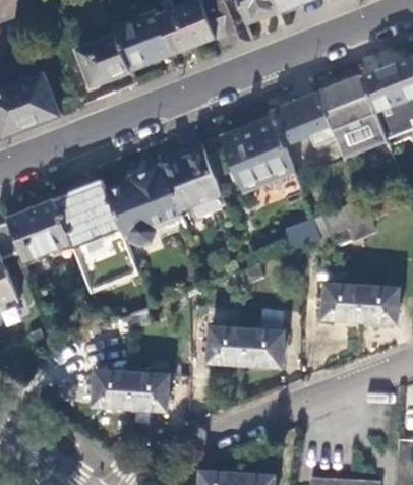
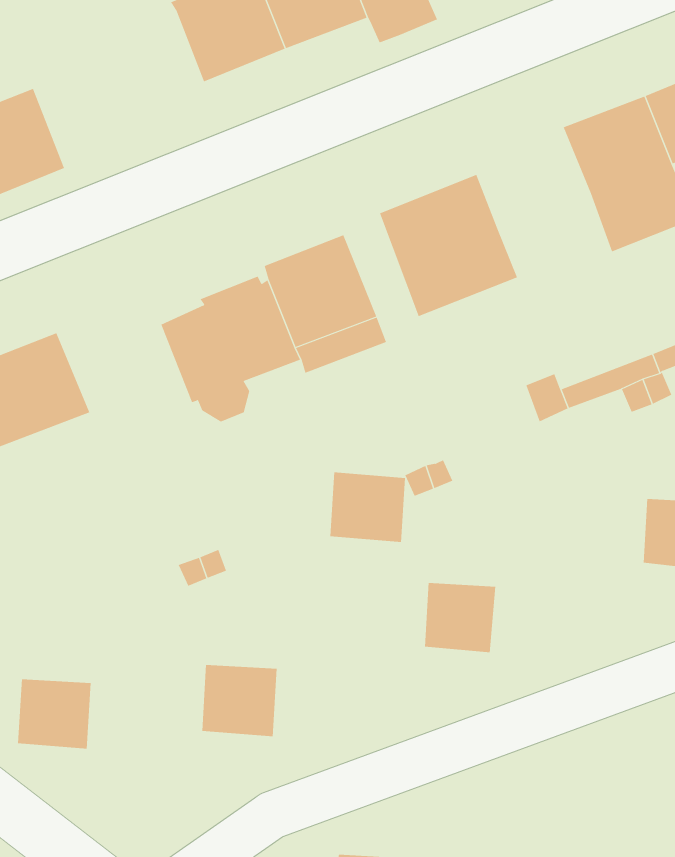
building: [76,33,129,84] -> none
building: [270,93,331,145] -> none
building: [53,180,137,292] -> none
building: [321,283,360,319] -> none
building: [206,326,246,363] -> [330,472,406,542]
building: [92,370,130,407] -> [17,679,91,749]

